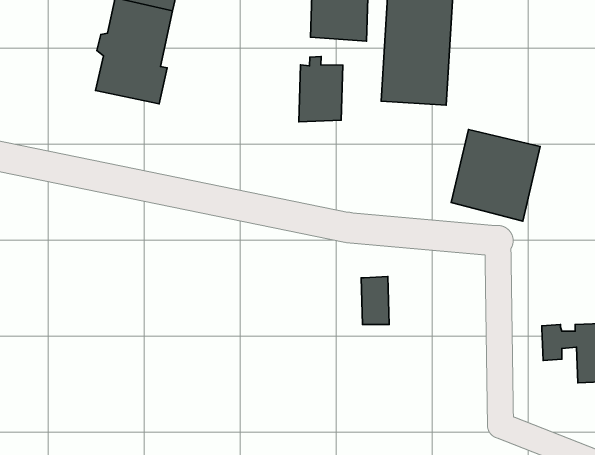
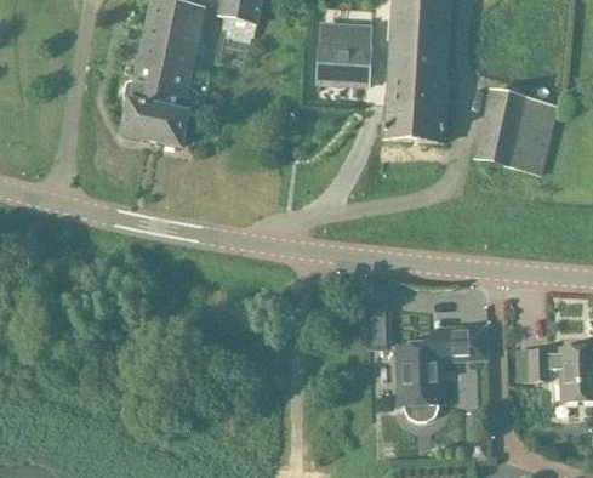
building: [299,56,343,122] -> none
building: [451,129,540,221] -> [472,90,553,173]
building: none -> [400,321,490,419]

